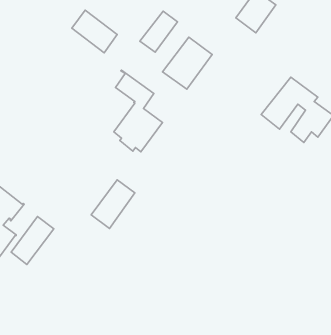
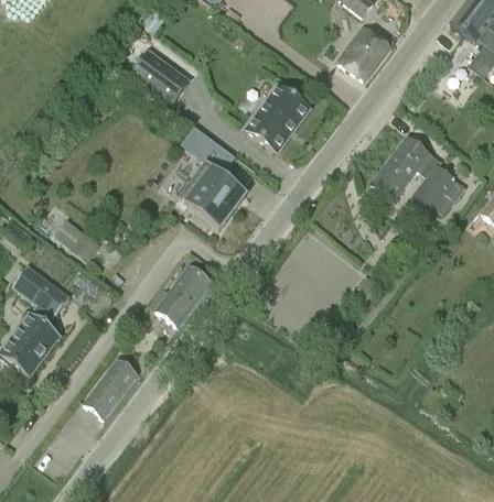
building: [140,11,177,52] -> none
building: none -> [55,216,104,259]
building: [11,217,54,265] -> [84,358,138,418]

